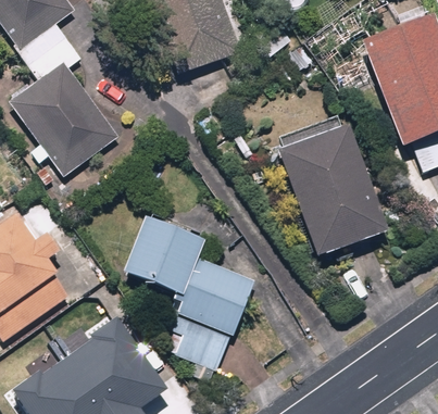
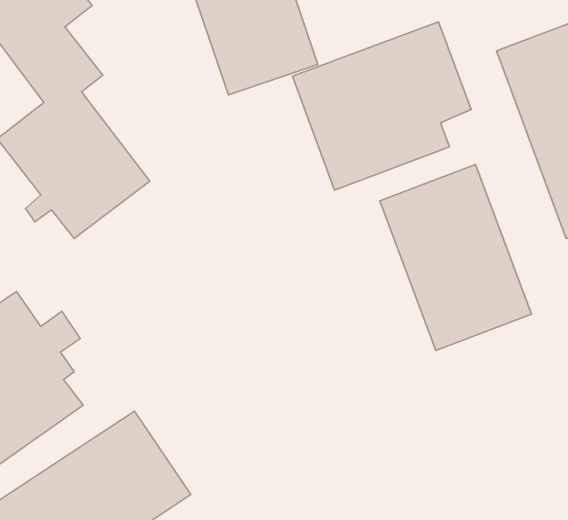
building: none -> [292,22,471,190]
building: [125,215,255,371] -> none

